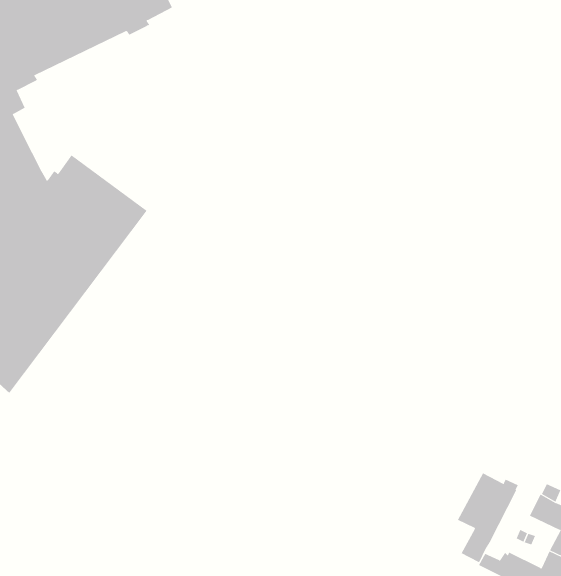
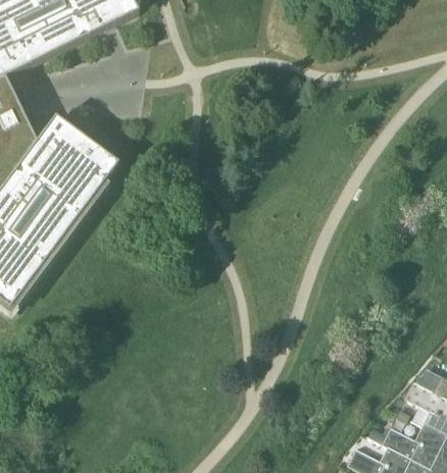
building: [457,473,518,563] -> none

